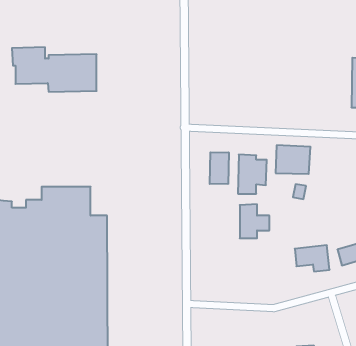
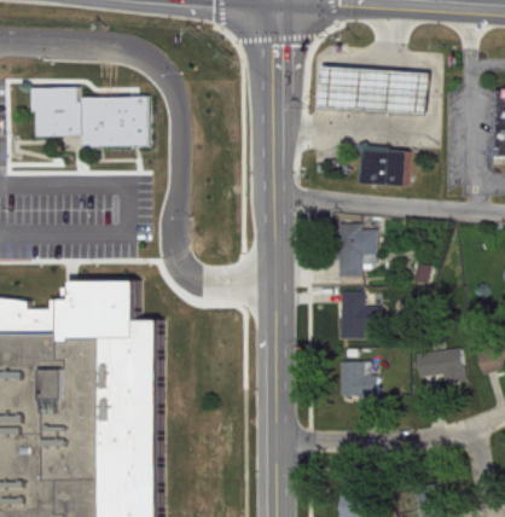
building: none -> [319,68,426,114]
building: [276,145,311,174] -> [361,147,410,187]
building: [210,152,229,184] -> none
building: none -> [339,364,377,397]

